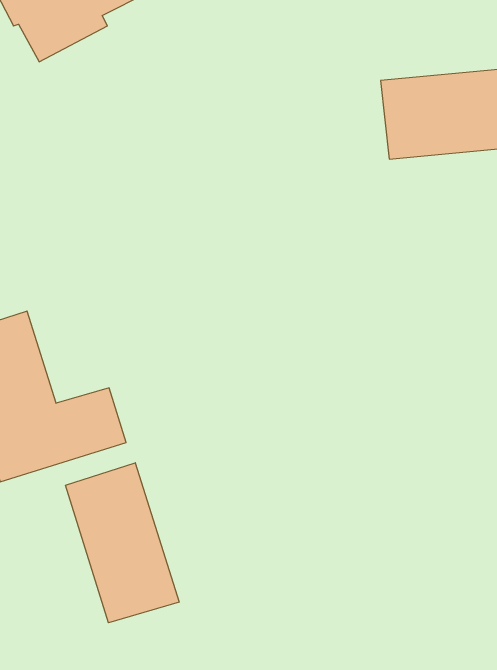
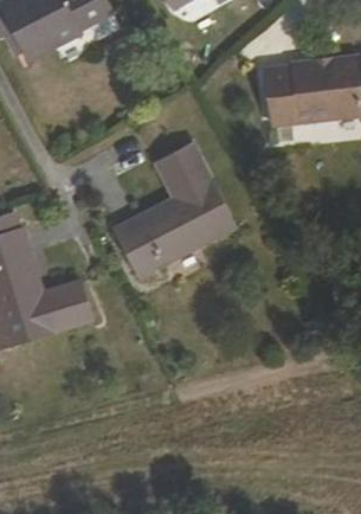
building: none -> [115,142,233,275]
building: [66,463,179,623] -> none

